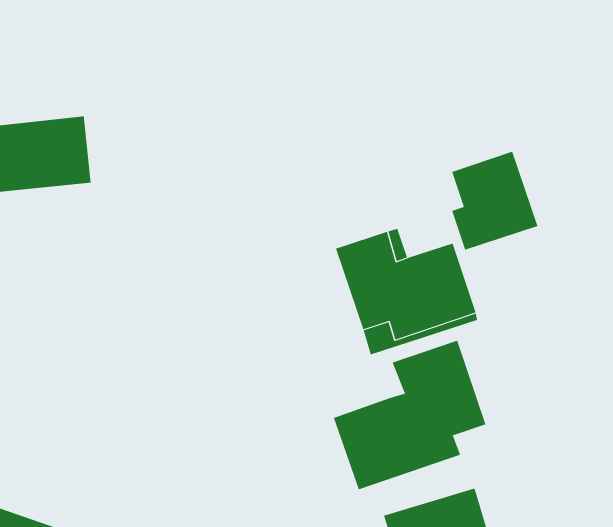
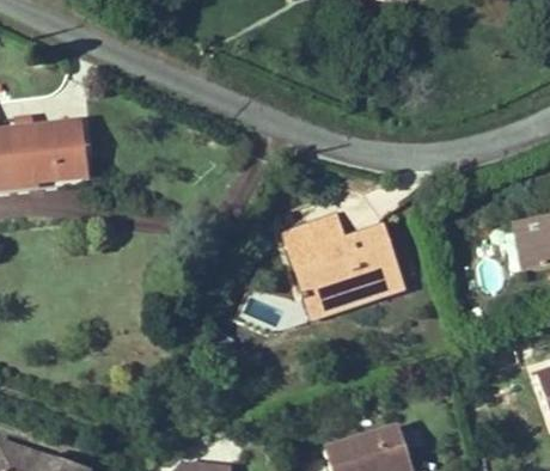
building: [452,151,538,250] -> none
building: [333,340,486,490] -> none

